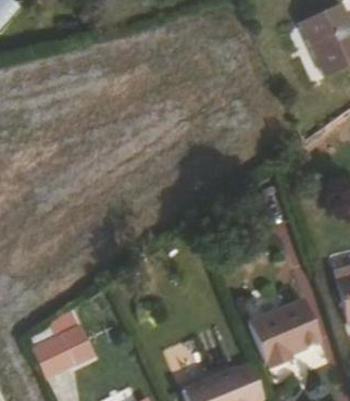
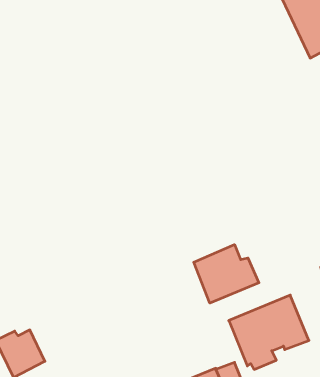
building: none -> [194,245,259,303]

